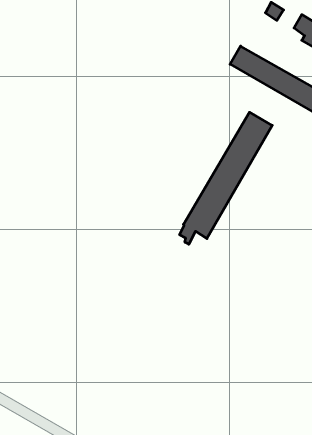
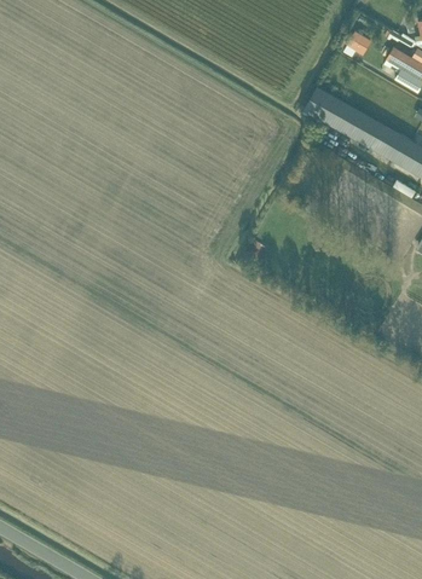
building: [180,112,272,244] -> none

